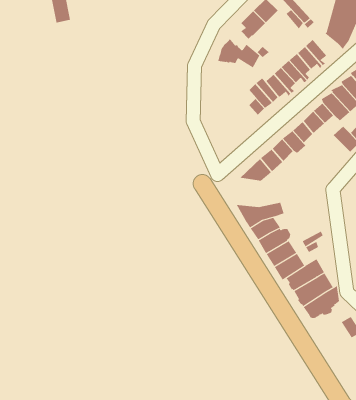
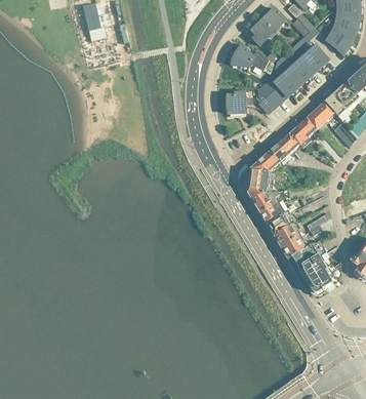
building: none -> [227,92,250,114]
building: none -> [247,168,270,194]

